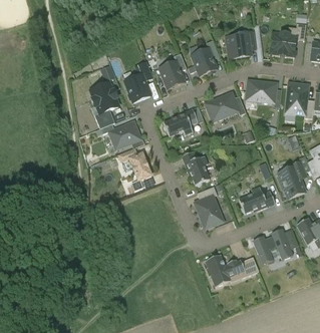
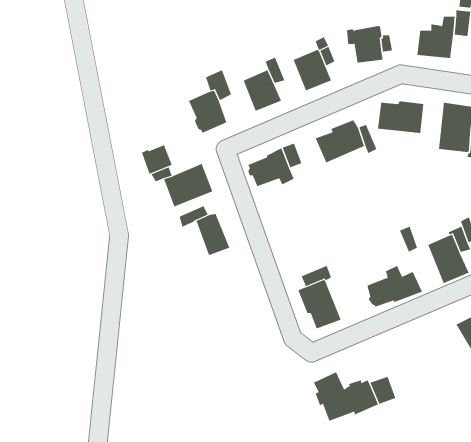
building: [90,83,118,113] -> none
building: [182,151,210,186] -> none
building: [254,231,293,265] -> none

